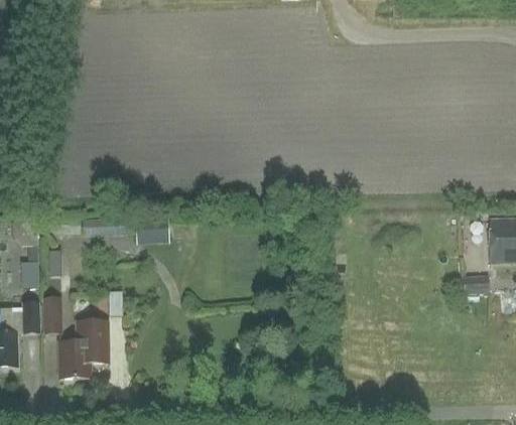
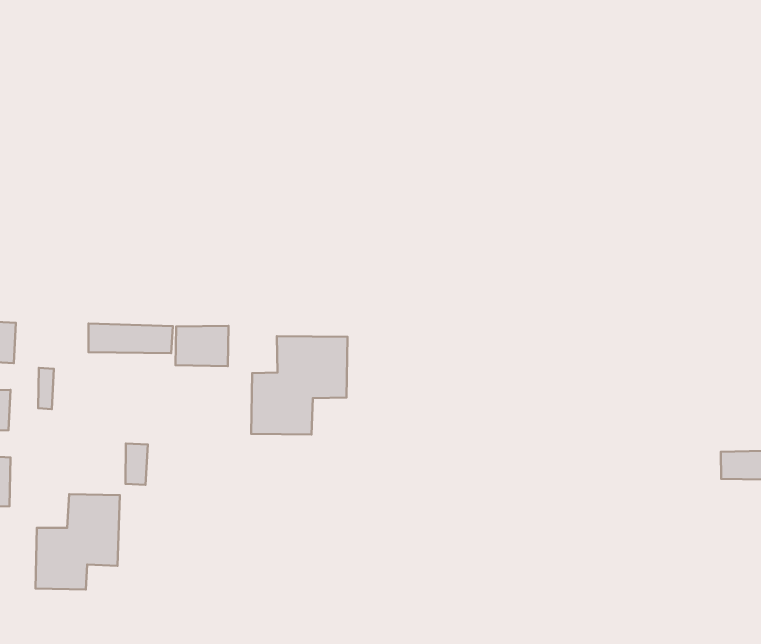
building: none -> [251,336,348,434]
building: [42,295,61,331] -> none

